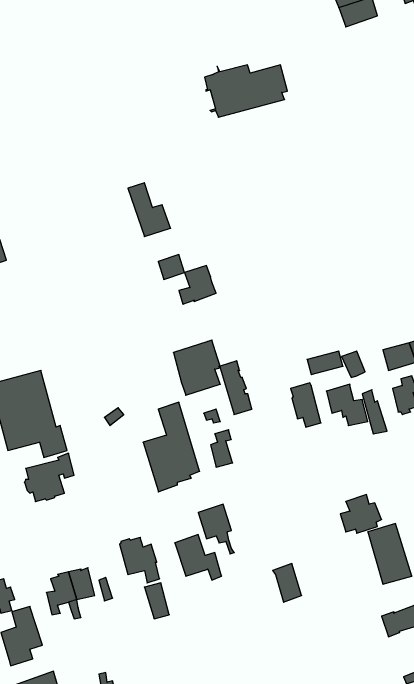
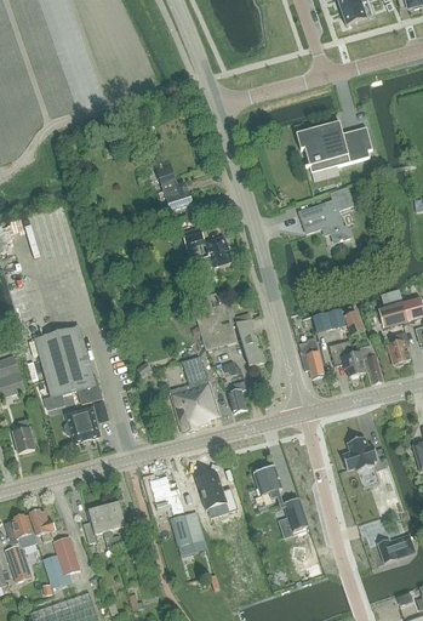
building: [205,65,287,117] -> [299,126,372,172]
building: none -> [299,187,353,241]
building: [198,504,234,554] -> [253,465,285,508]

